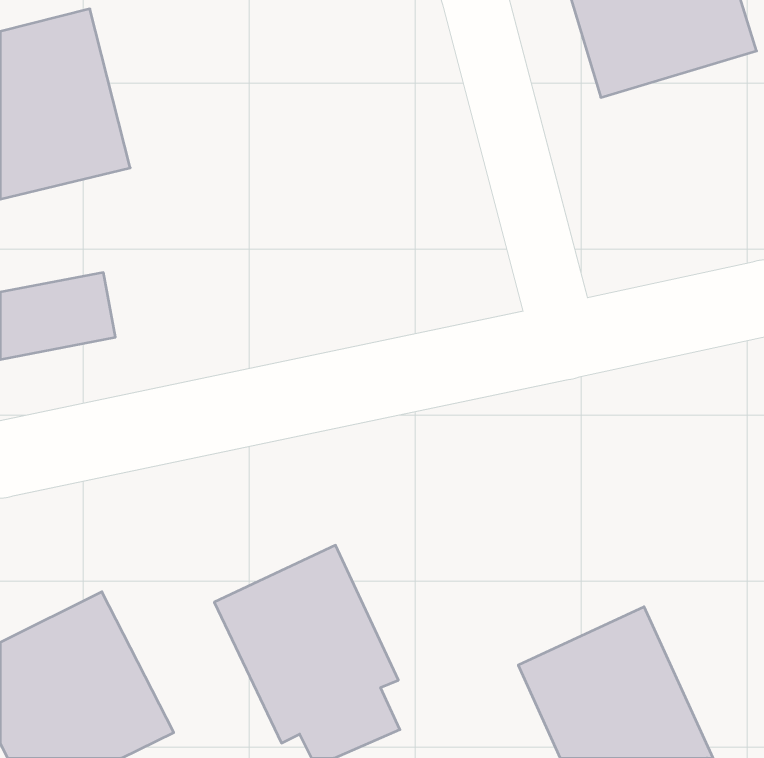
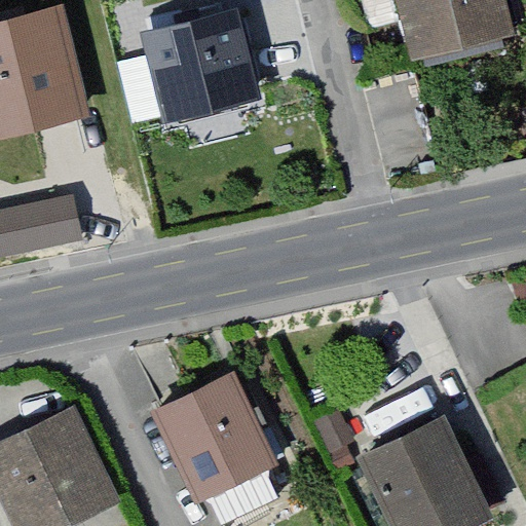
building: none -> [138,10,264,138]

